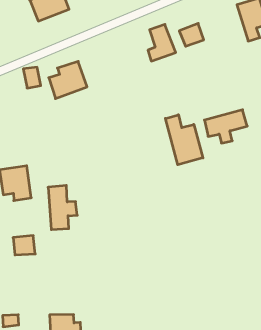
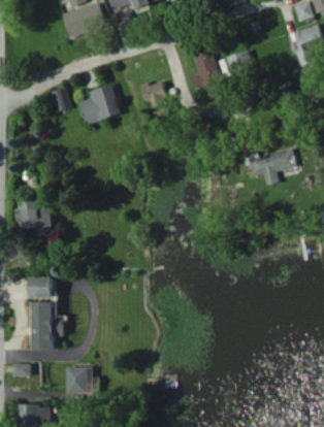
building: none -> [141,79,168,110]
building: [165,115,203,165] -> none
building: [48,185,77,230] -> [31,301,62,350]

